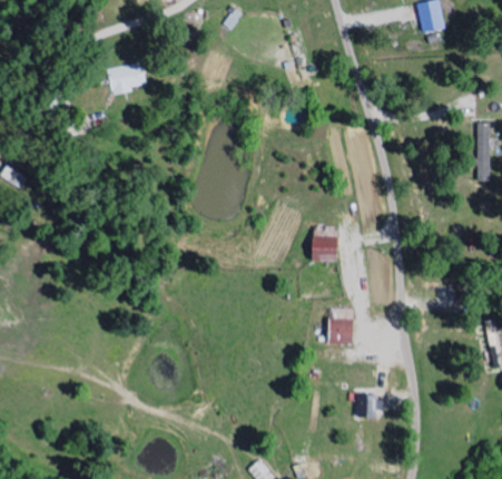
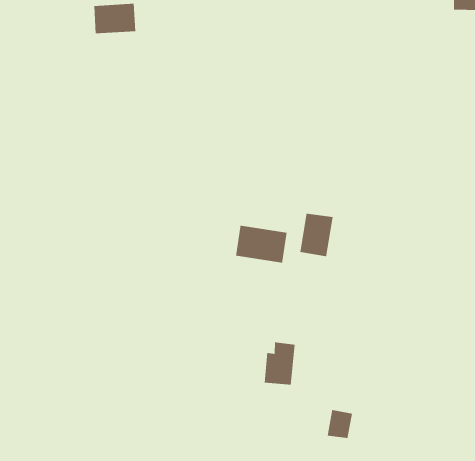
building: none -> [235,225,287,264]
building: [329,309,355,345] -> [264,342,295,385]

